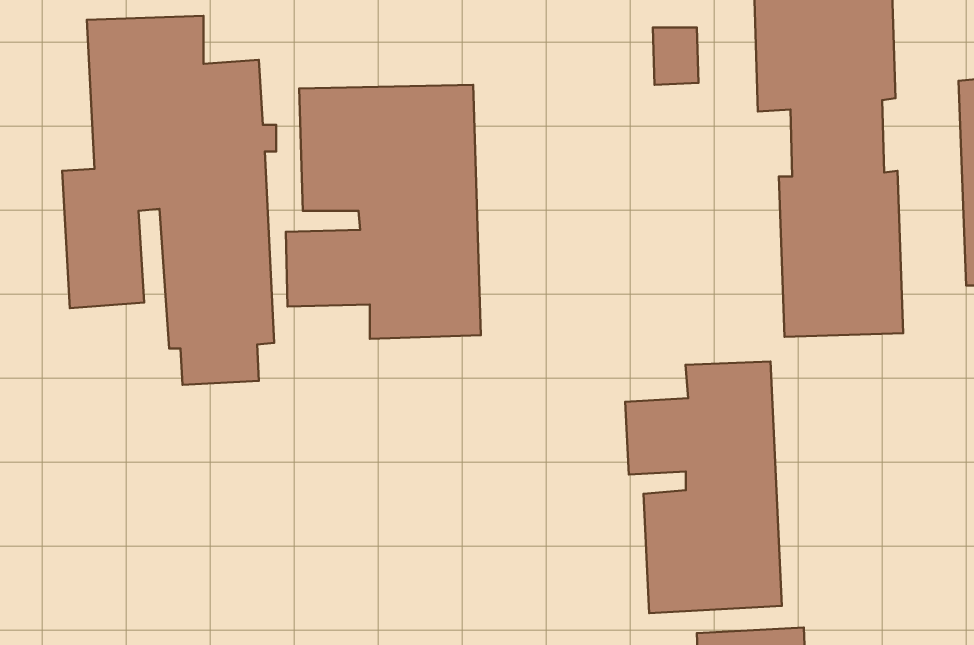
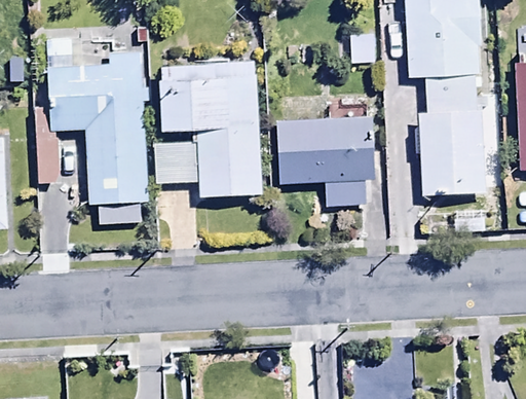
building: none -> [277,105,377,208]
building: [625,361,782,613] -> none

